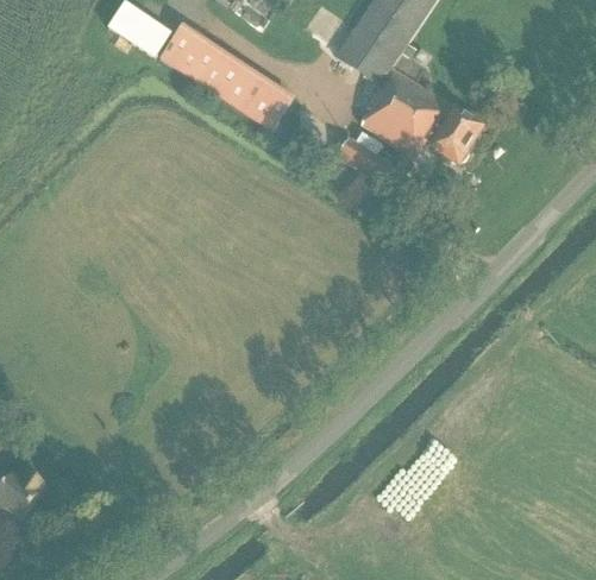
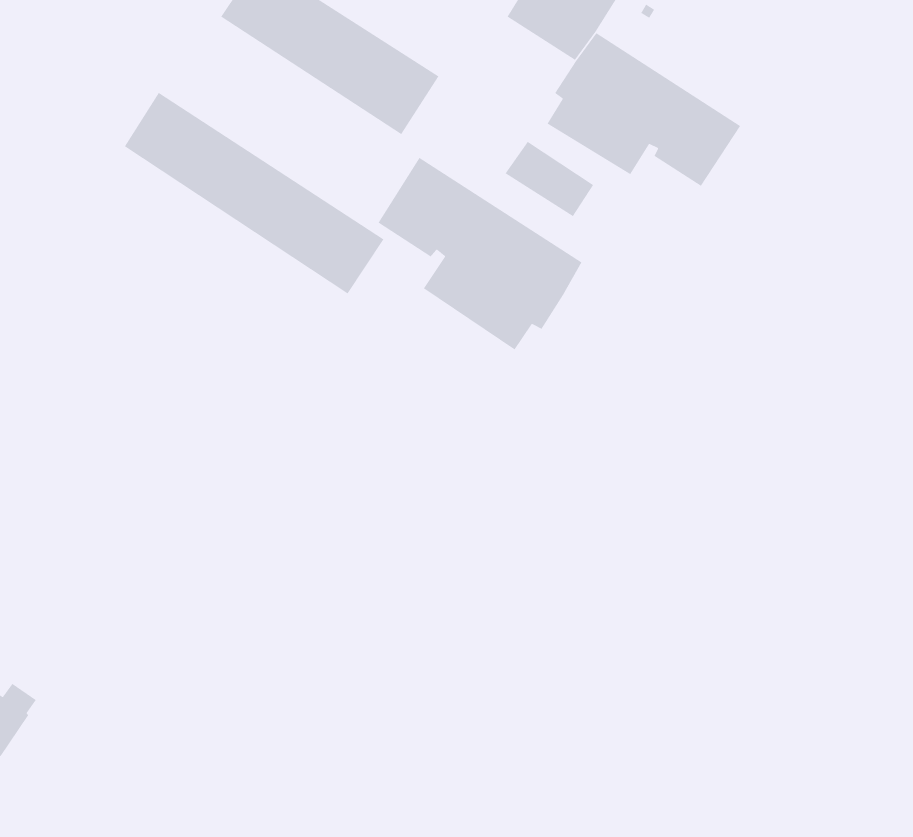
building: none -> [124,92,384,294]
building: none -> [377,157,582,351]

